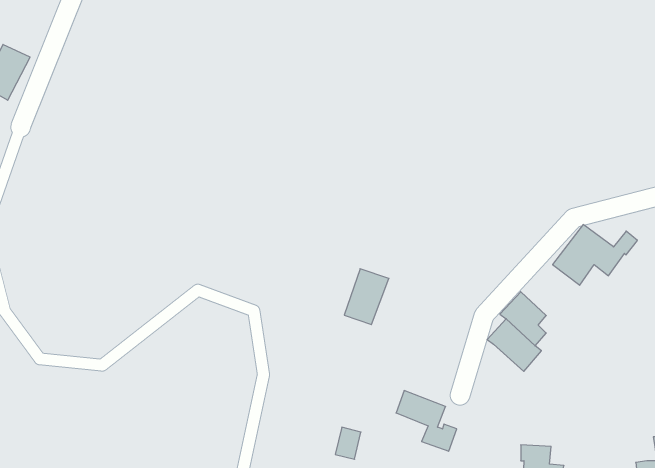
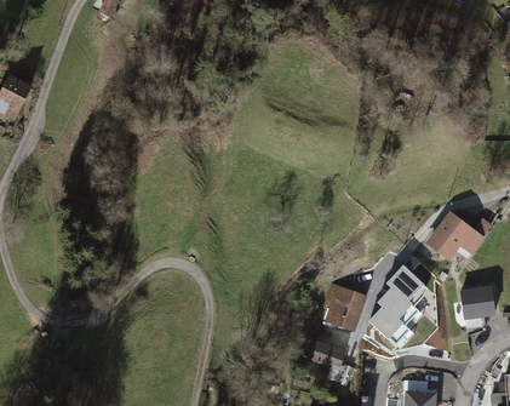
building: [344,269,389,325] -> [330,287,363,330]
building: none -> [459,285,497,321]
building: none -> [367,304,408,344]

